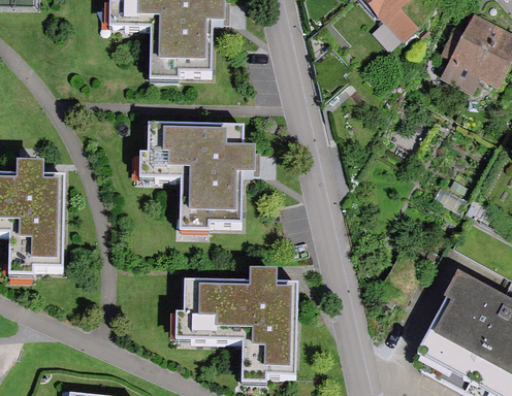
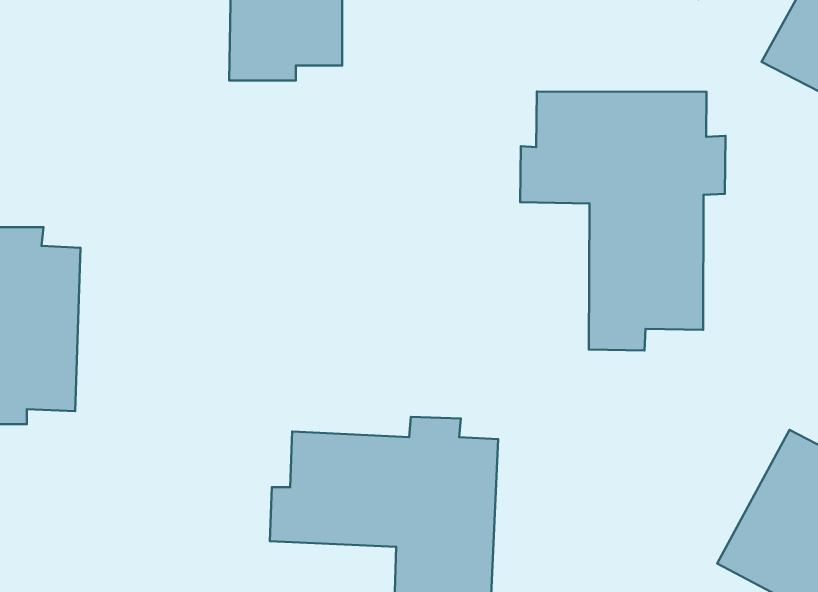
building: none -> [520,91,726,350]
building: [135,125,255,234] -> none

